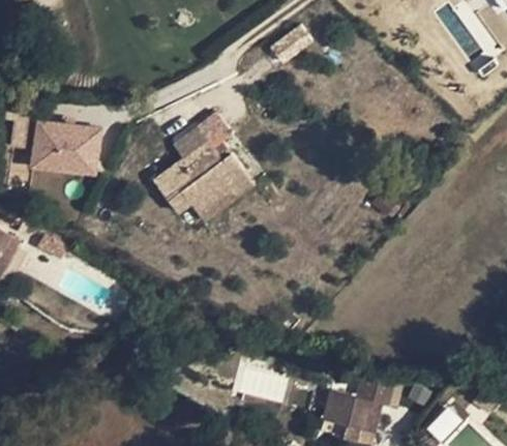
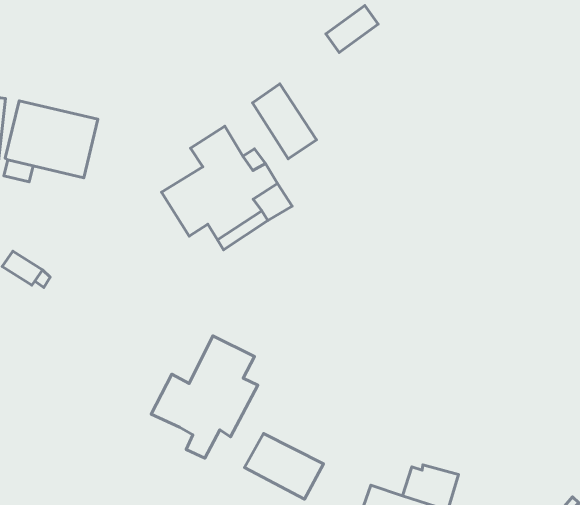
building: none -> [252,84,317,159]
building: none -> [151,336,258,458]

